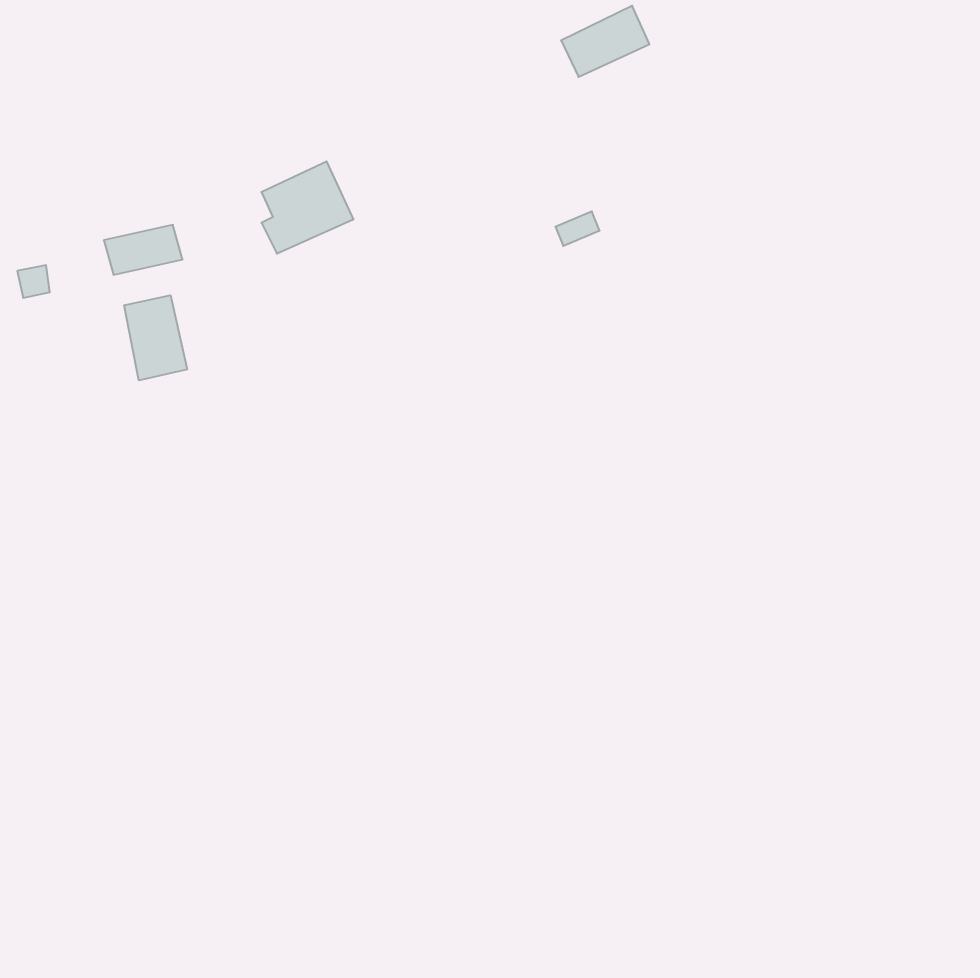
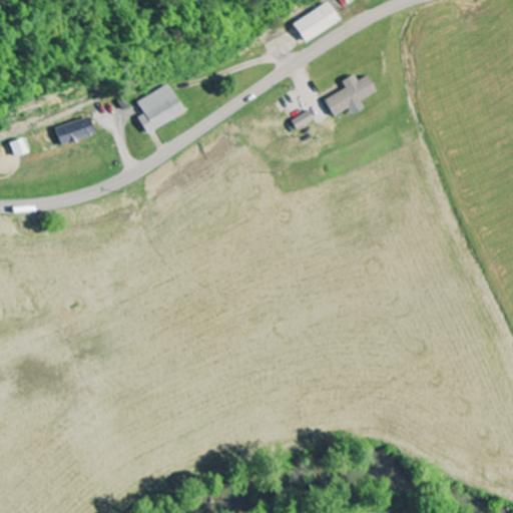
building: none -> [323,74,375,116]
building: [124,295,187,380] -> none

